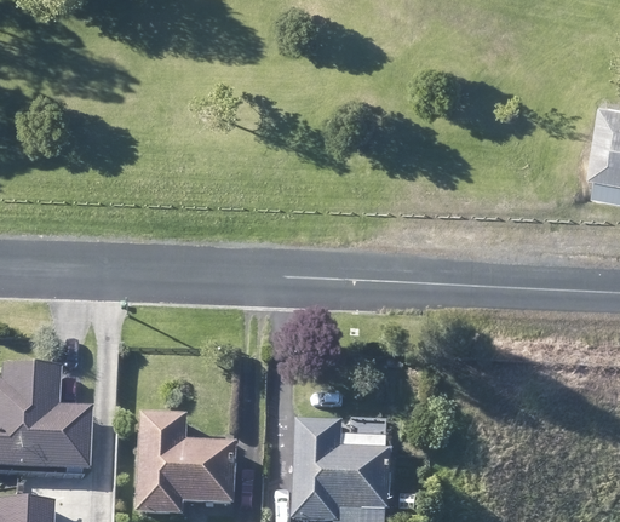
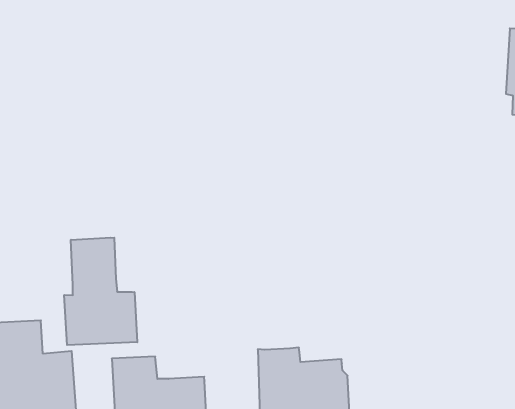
building: none -> [64,238,137,345]

